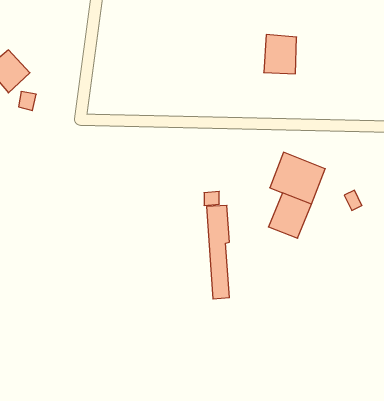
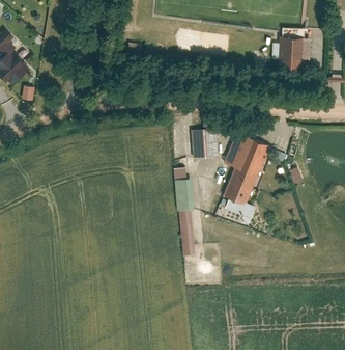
building: [264,35,297,74] -> [282,34,309,66]
building: none -> [191,129,218,158]

